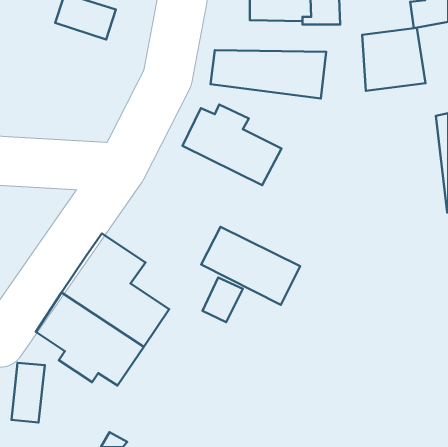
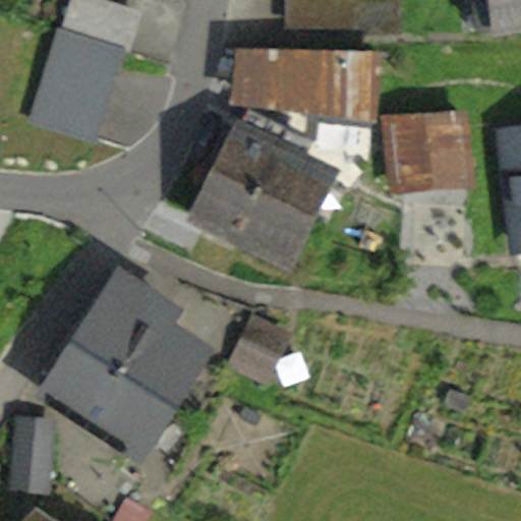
building: [362,28,425,91] -> [392,109,465,182]
building: none -> [36,49,117,138]
building: [201,227,300,305] -> [189,169,304,259]

